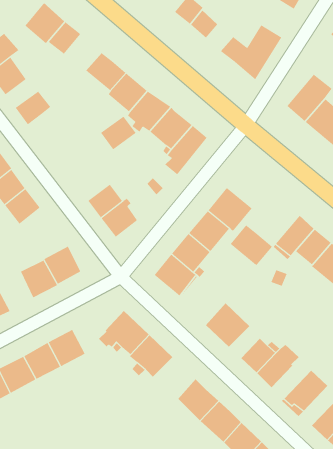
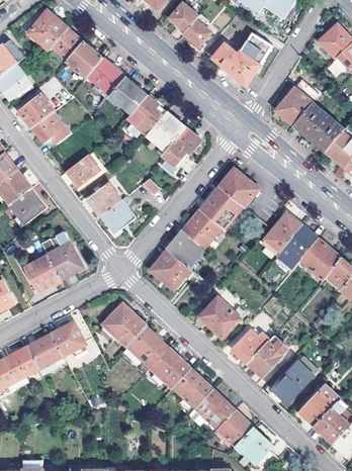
building: none -> [65,42,101,79]
building: none -> [31,111,71,145]
building: [100,116,137,150] -> [66,156,100,188]
building: [230,225,273,266] -> [219,169,260,208]
building: none -> [150,348,190,388]

